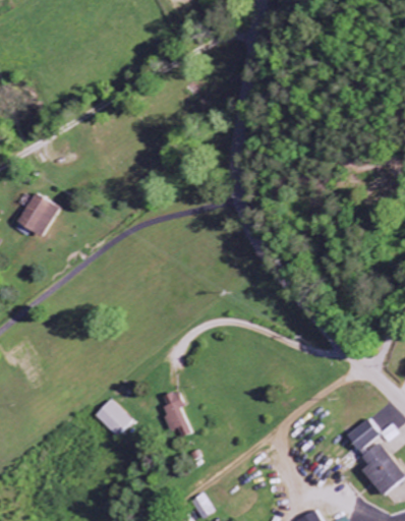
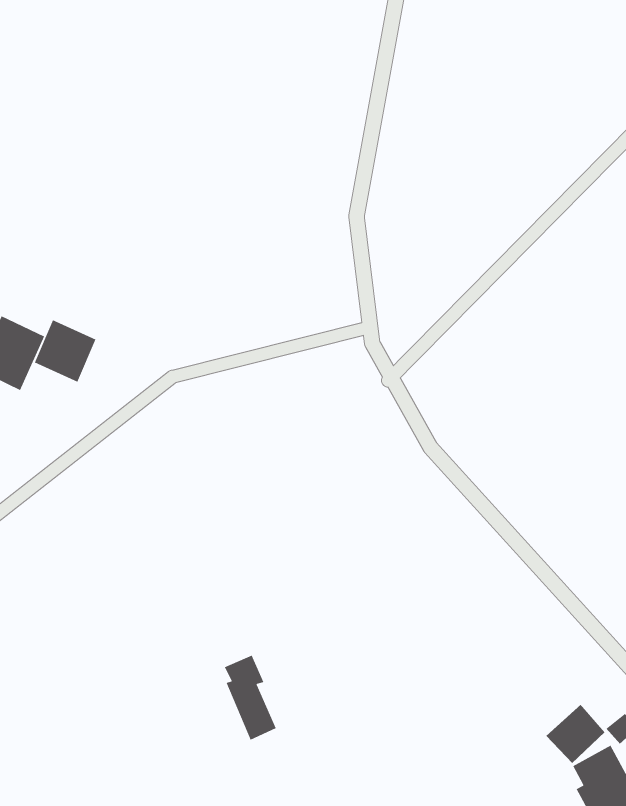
building: none -> [34,319,96,383]
building: [94,398,131,436] -> none

